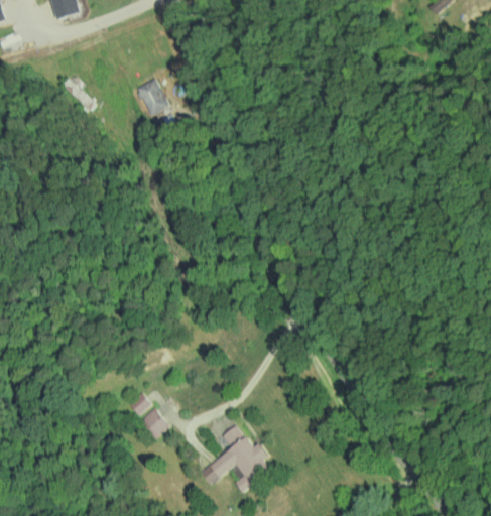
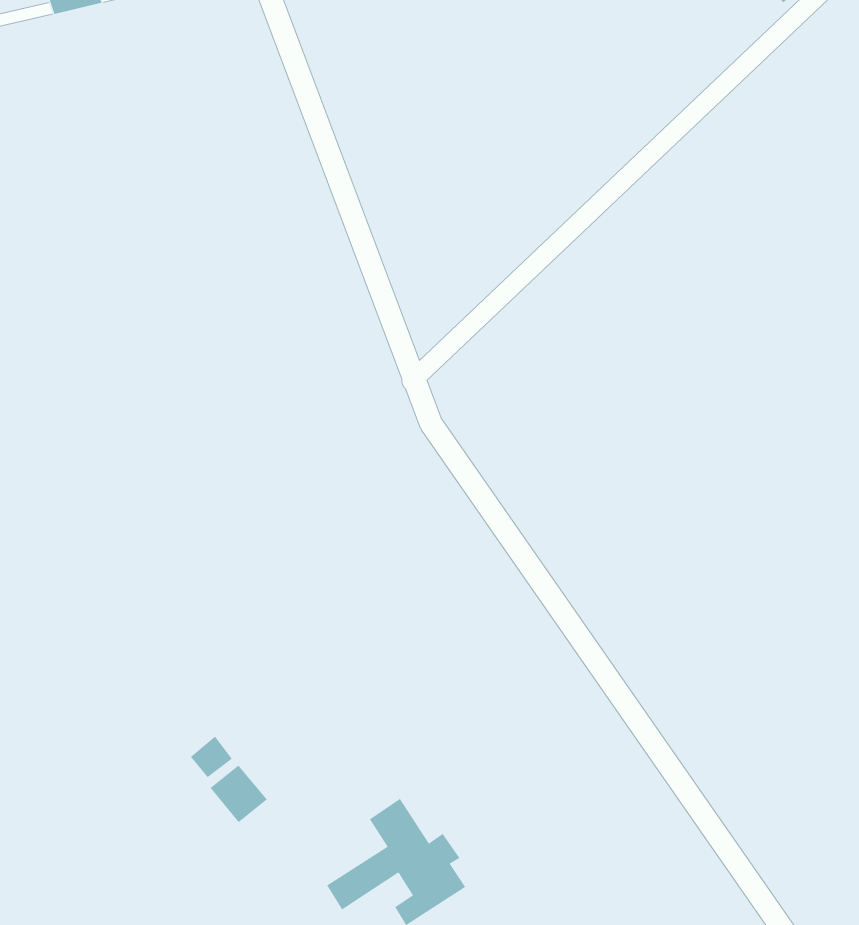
building: [135,79,167,115] -> none

